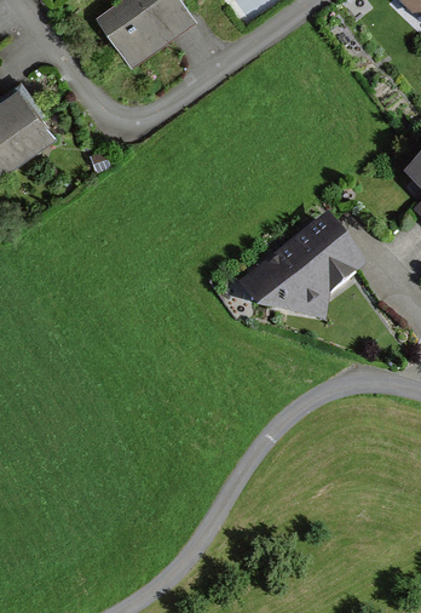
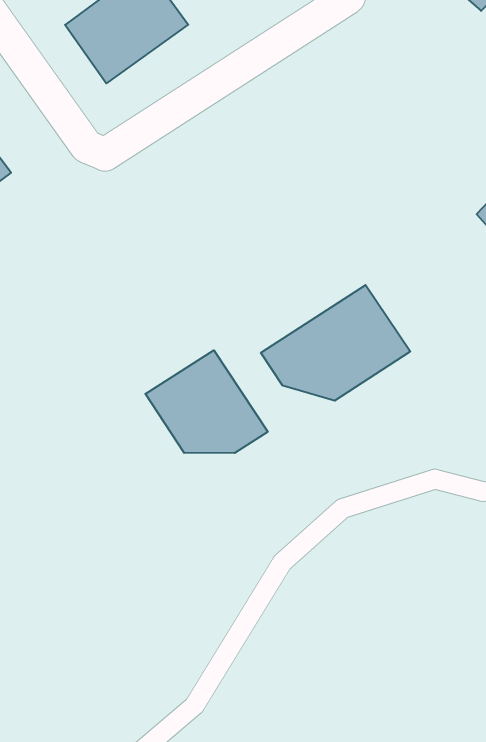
building: none -> [145,350,268,453]

